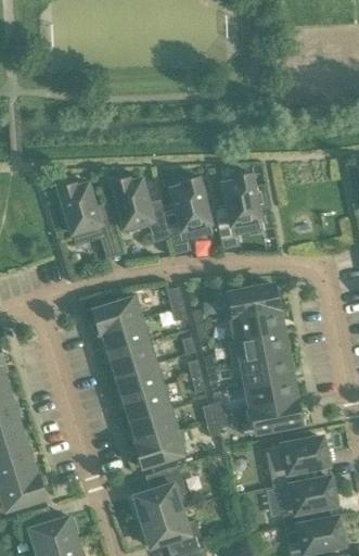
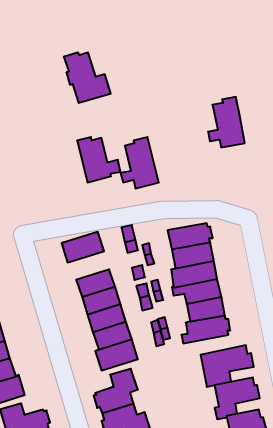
building: [217,173,262,236] -> [208,97,245,147]
building: [57,182,116,245] -> [64,52,111,103]
building: [104,319,152,355] -> none

